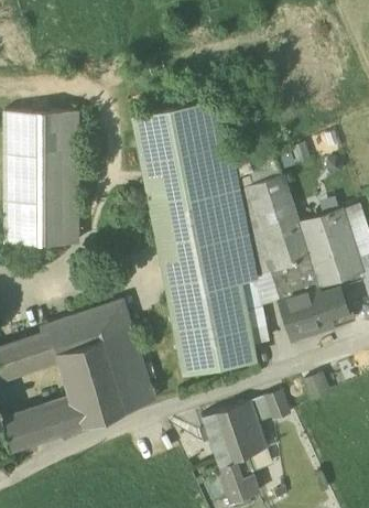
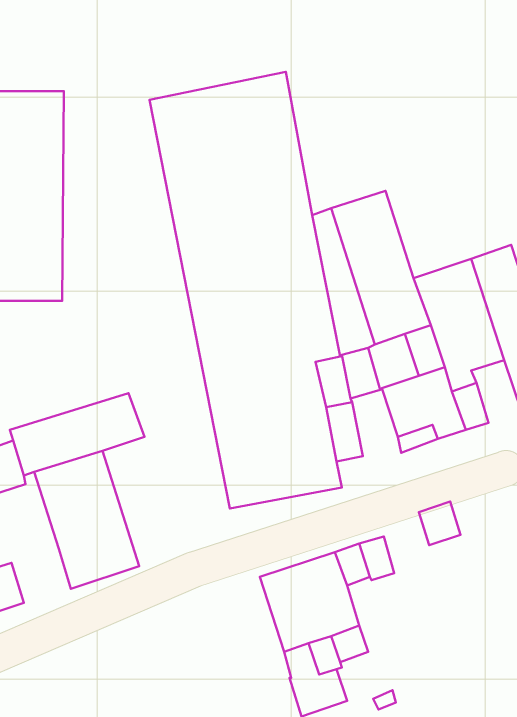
building: [104,331,153,412] -> none
building: [46,401,84,435] -> none

